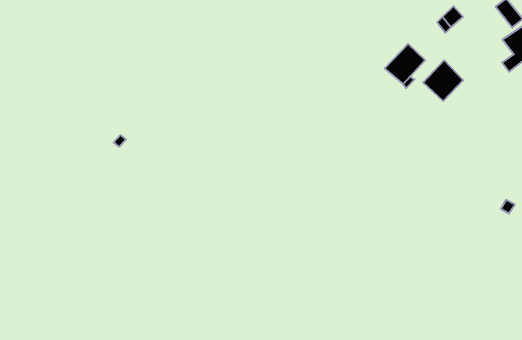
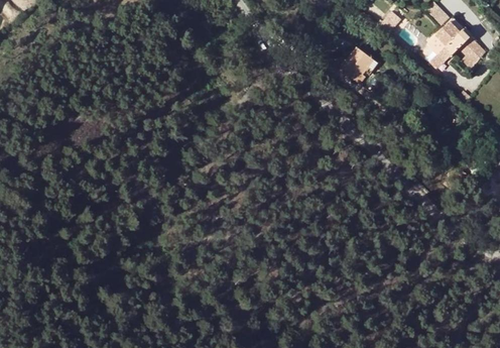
building: [423,60,463,101] -> none

